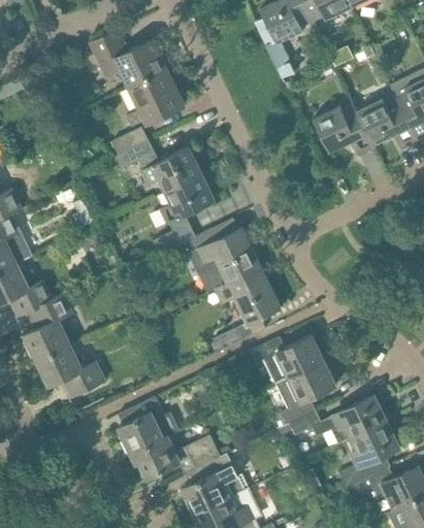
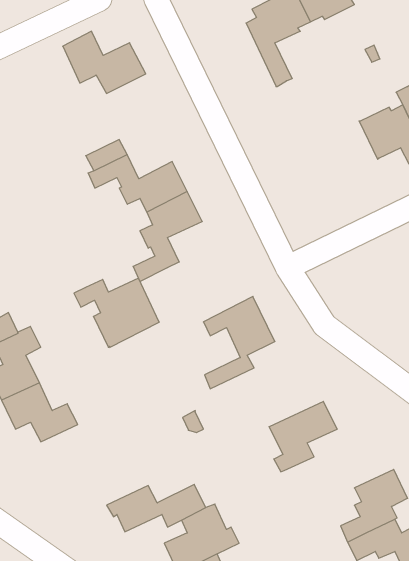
building: [126,68,184,127] -> none
building: [313,103,374,156] -> none
building: [185,228,261,290] -> [74,278,159,347]
building: [250,335,324,384] -> none
building: [289,395,387,444] -> none
building: [118,396,178,454] -> none

